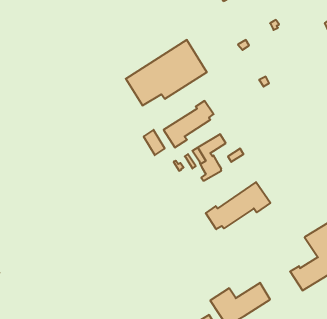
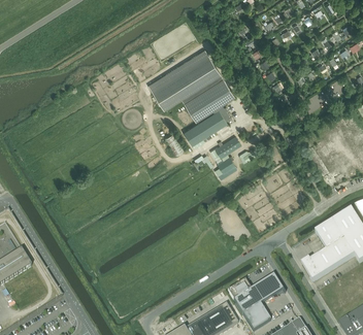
building: none -> [185,76,235,120]
building: [206,182,270,229] -> none

